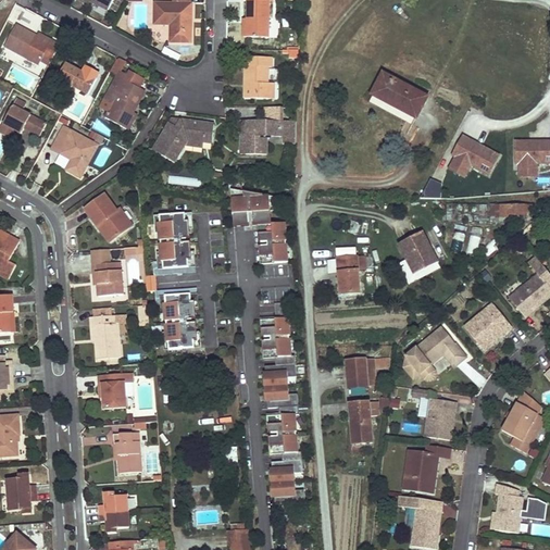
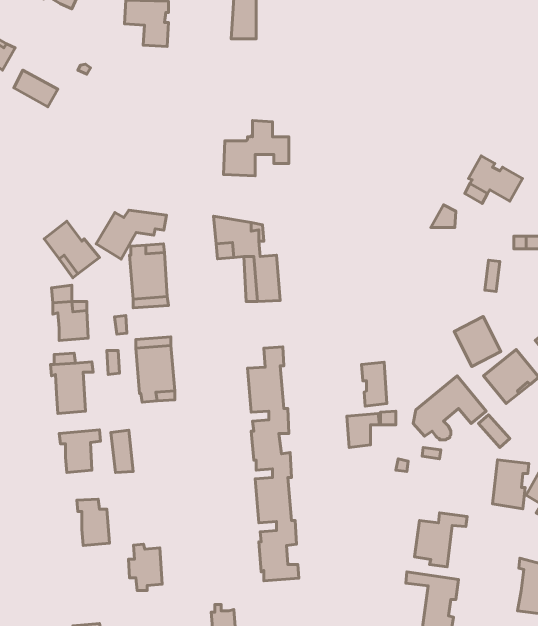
building: [243,55,273,97] -> none
building: [104,68,145,126] -> none
building: [368,75,425,124] -> none
building: [152,118,213,161] -> [96,210,166,259]
building: [52,126,98,176] -> none
building: [398,230,438,274] -> [454,316,501,367]
building: [337,257,359,295] -> [362,362,387,406]
building: none -> [111,430,133,473]
building: [425,398,457,440] -> [493,460,529,509]
building: [350,402,375,445] -> none
building: [99,492,128,533] -> [128,544,162,591]

